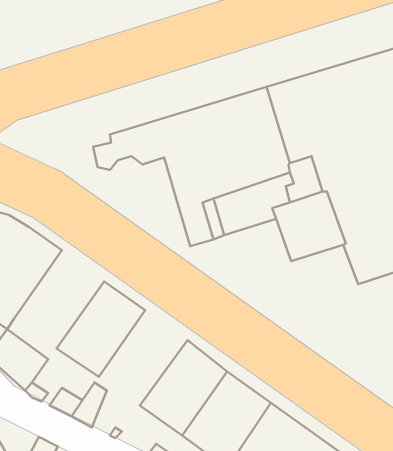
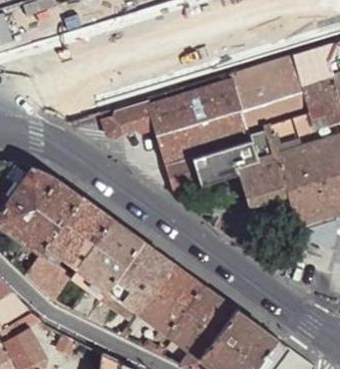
building: none -> [44,196,110,268]
building: none -> [106,240,172,310]

